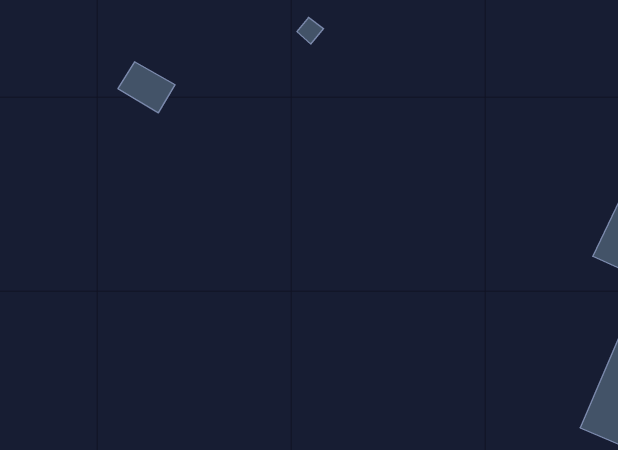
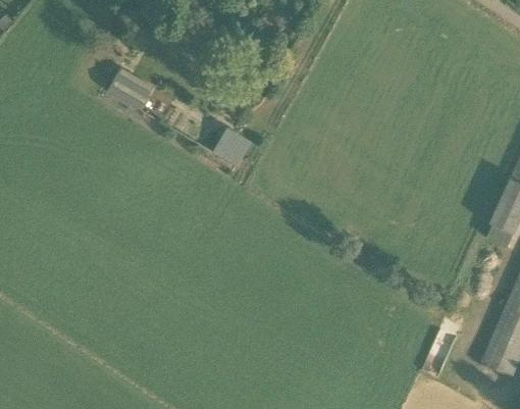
building: none -> [214,125,253,165]

